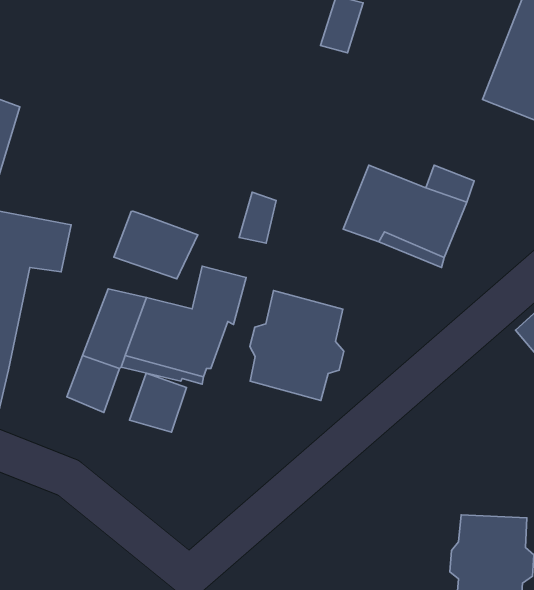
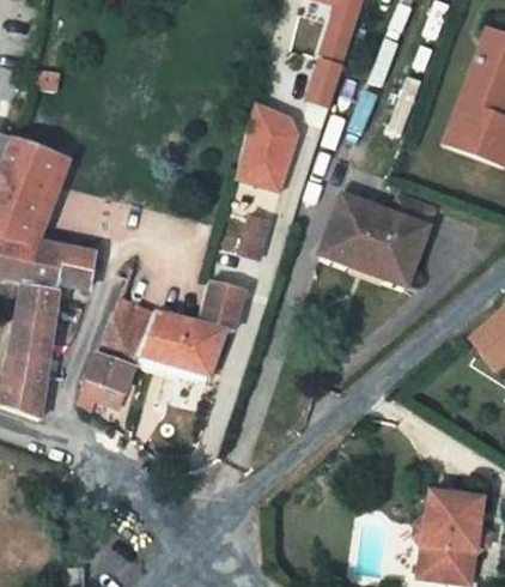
building: none -> [235,109,298,196]
building: [114,211,198,279] -> none
building: [250,290,344,400] -> none
building: [129,373,186,432] -> none

